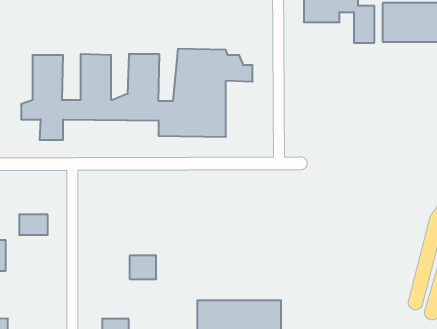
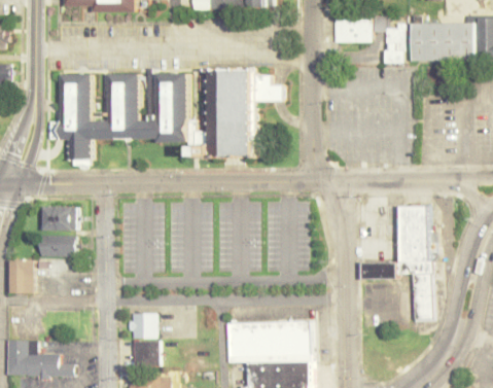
building: none -> [357,206,430,321]
building: none -> [44,207,78,231]
building: [130,256,156,279] -> [128,314,154,338]

